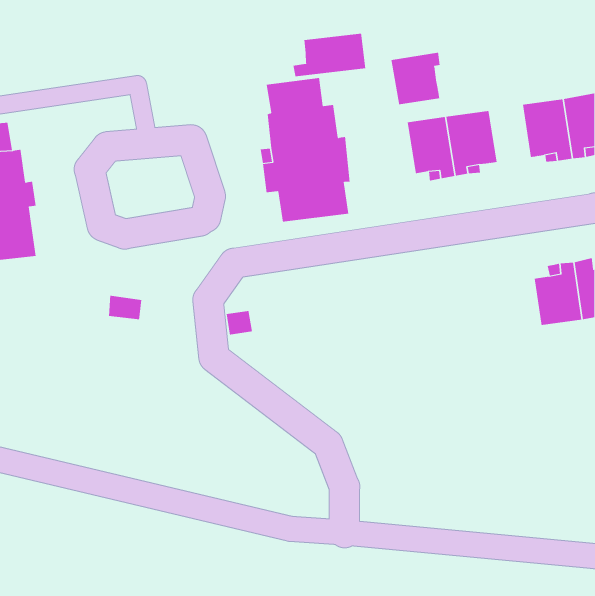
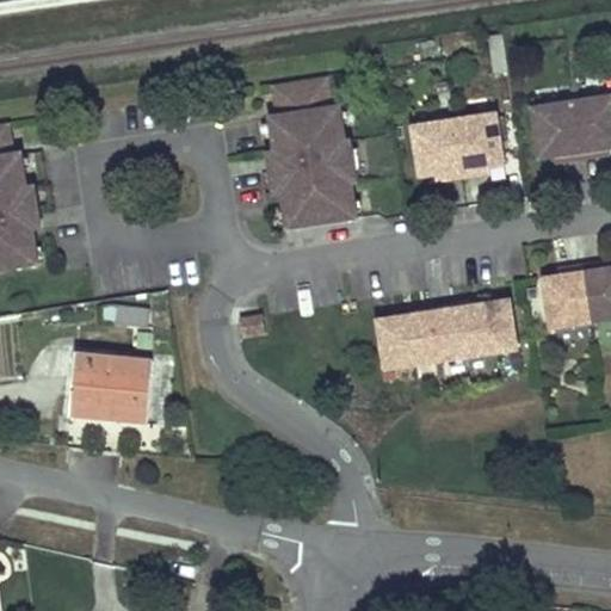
building: [293,33,366,77] -> none
building: [391,52,440,105] -> none
building: none -> [376,300,516,371]
building: none -> [66,348,147,419]

